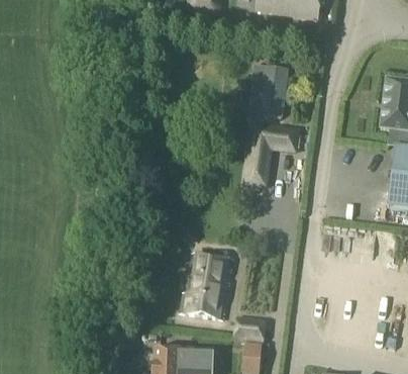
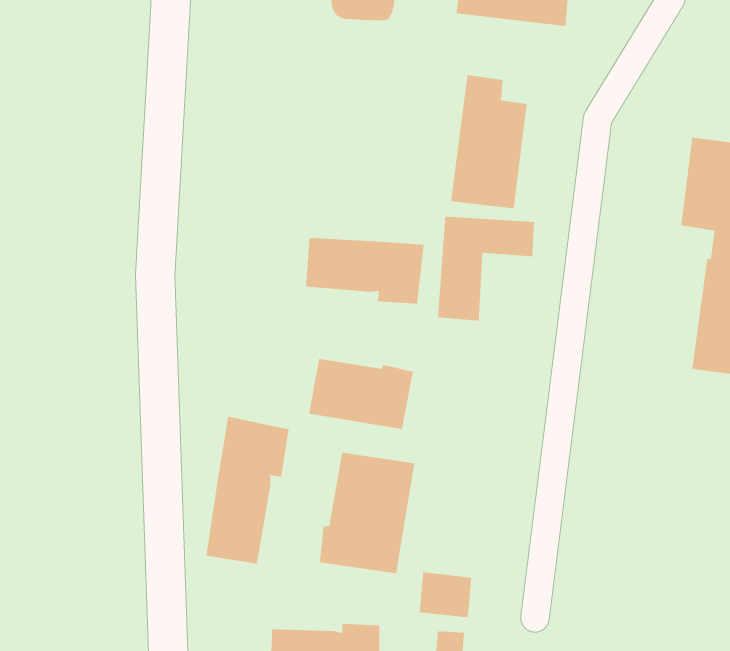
building: none -> [306,237,424,304]
building: none -> [309,358,413,430]
building: none -> [206,416,289,565]

